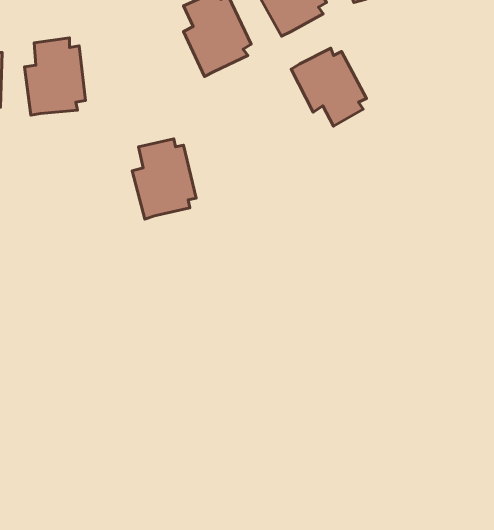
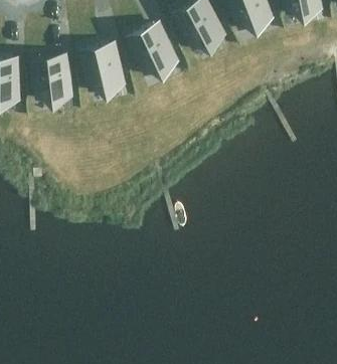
building: [291,48,366,126] -> none
building: [132,139,196,219] -> [86,43,126,94]

